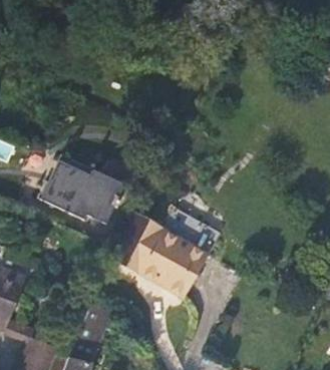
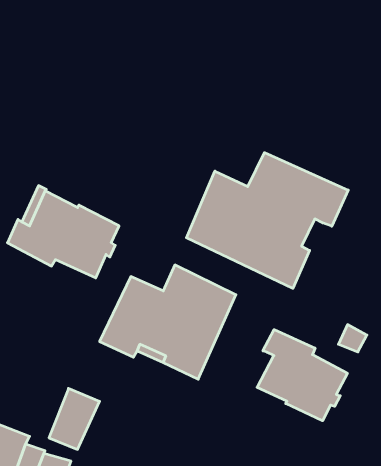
building: none -> [186,153,348,288]
building: none -> [257,330,347,421]

